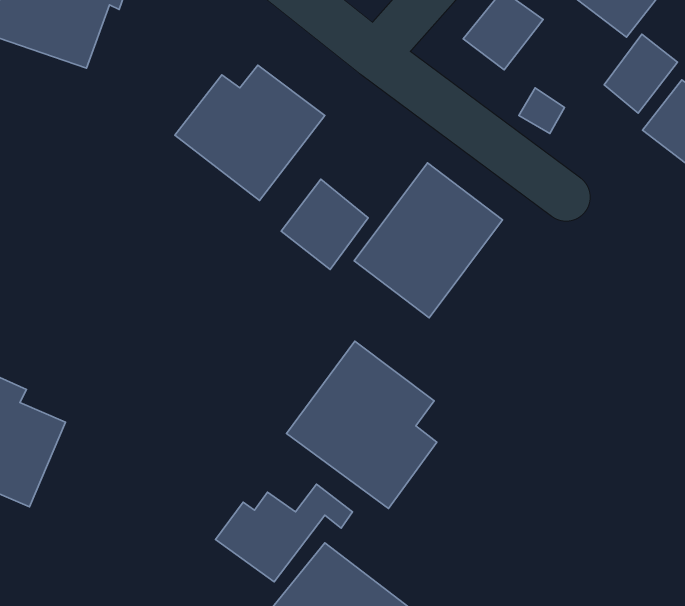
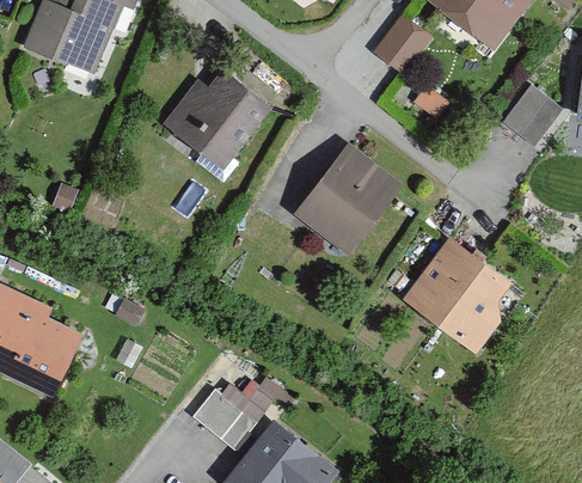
building: [604,34,677,113] -> none
building: [281,179,368,269] -> none
building: none -> [400,236,525,356]
building: [287,341,437,509] -> none

